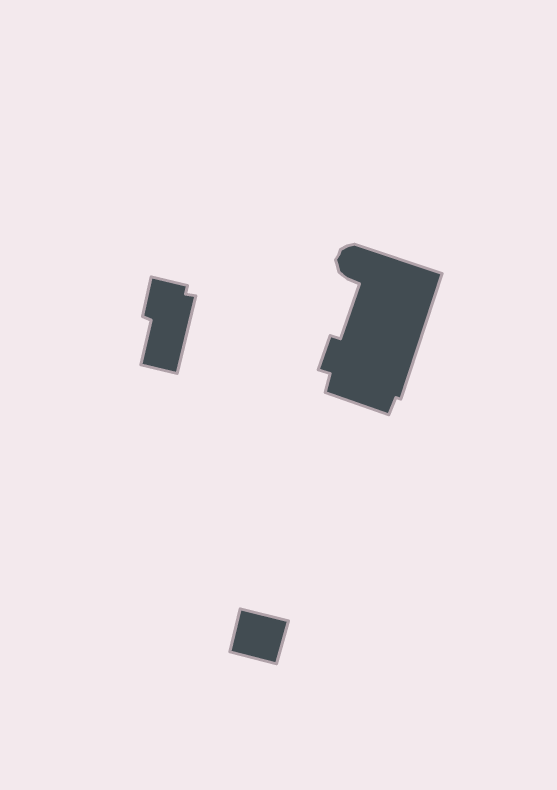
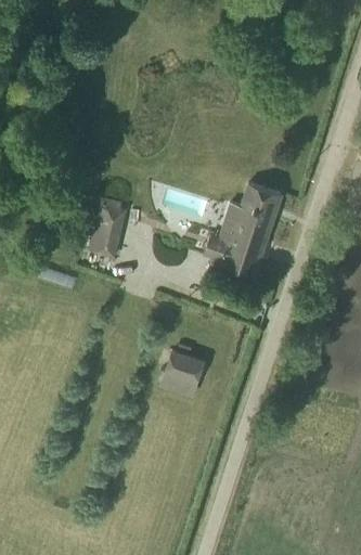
building: [230,609,288,664] -> [169,360,206,395]

